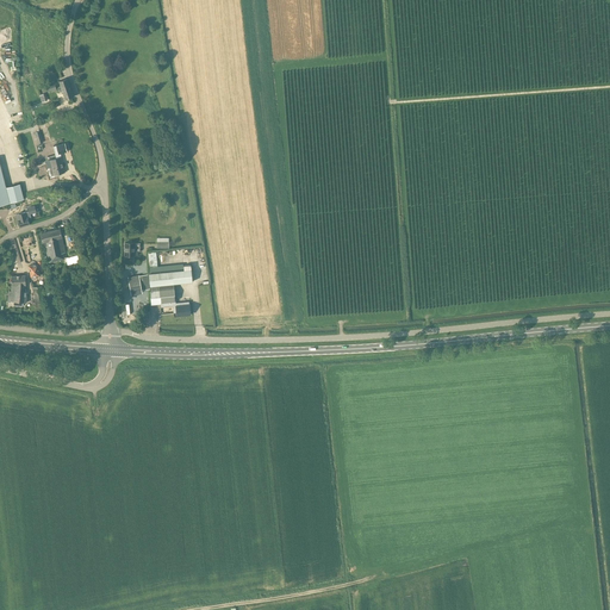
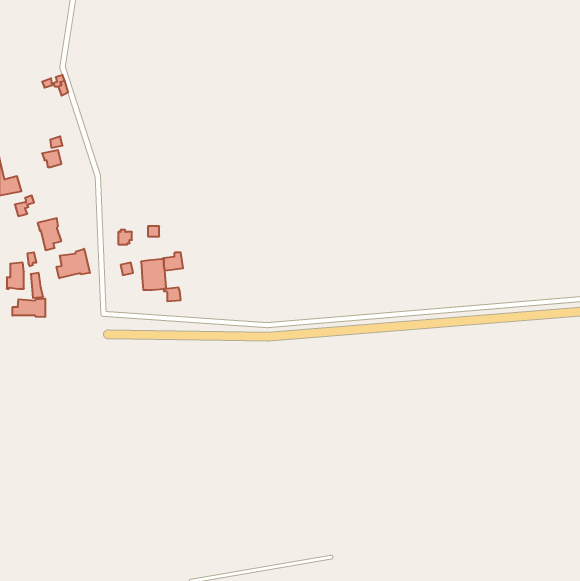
building: none -> [57,249,90,278]
building: none -> [12,298,45,317]

